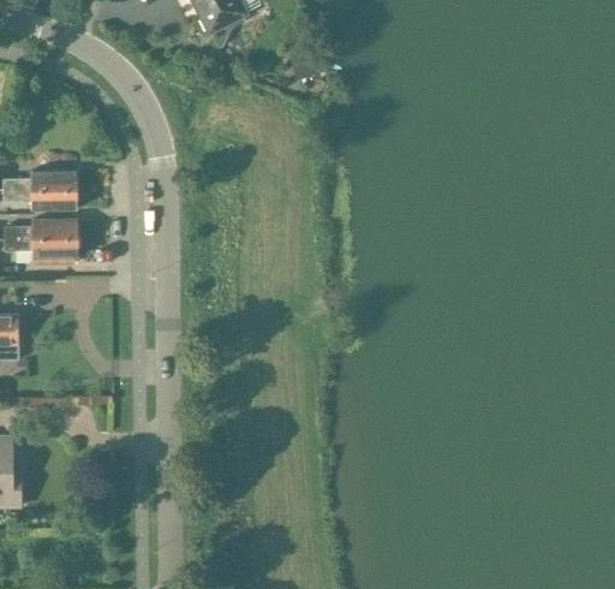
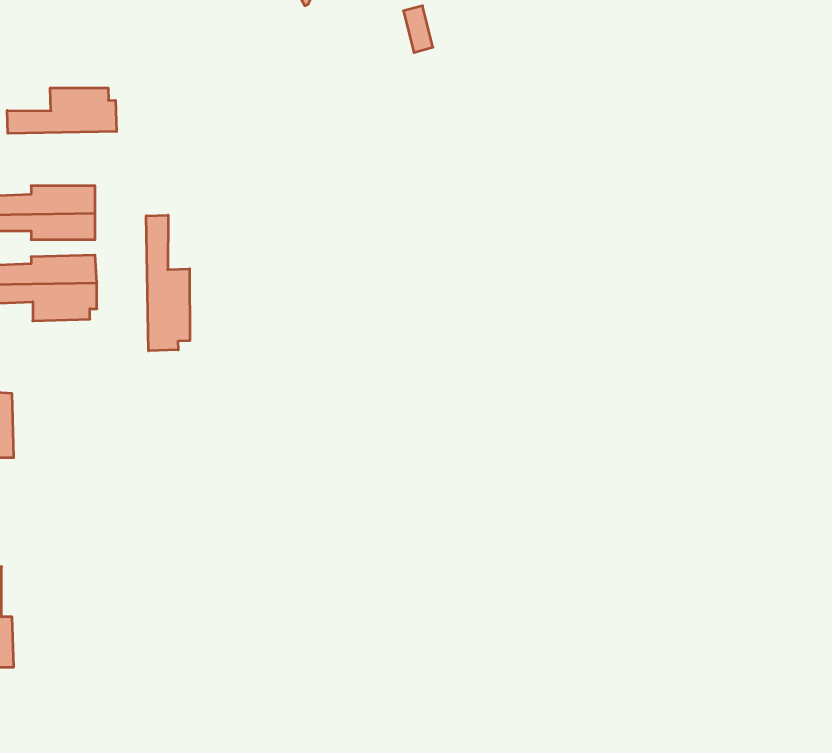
building: none -> [7,88,116,133]
building: none -> [146,215,190,351]

